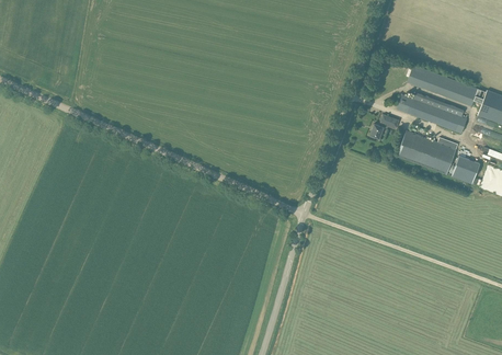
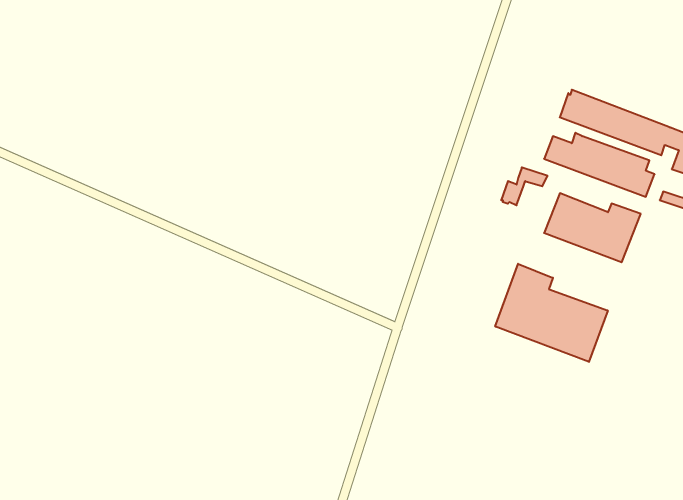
building: [449,156,480,184] -> none
building: none -> [495,264,608,362]

